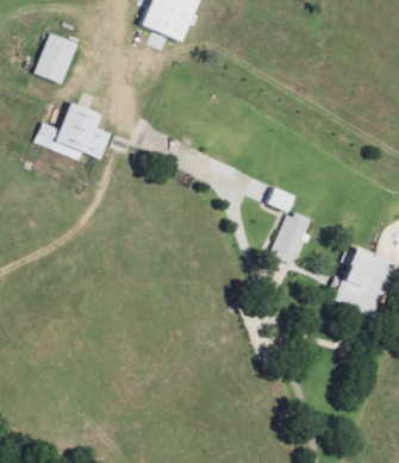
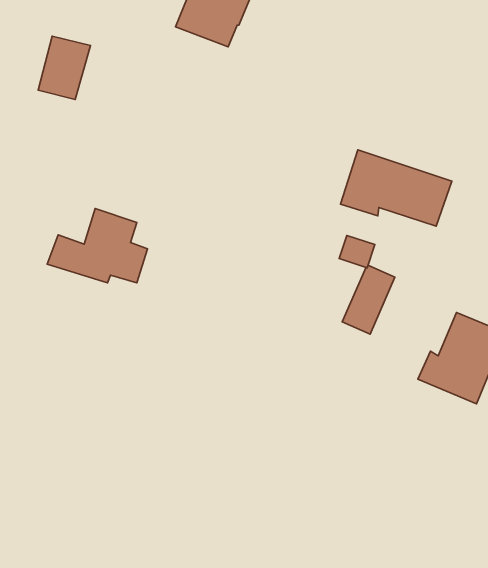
building: [33,100,111,157] -> [47,209,148,283]
building: none -> [340,150,452,226]

